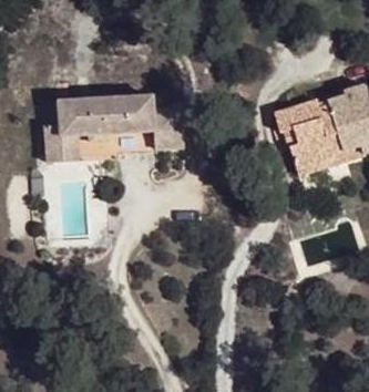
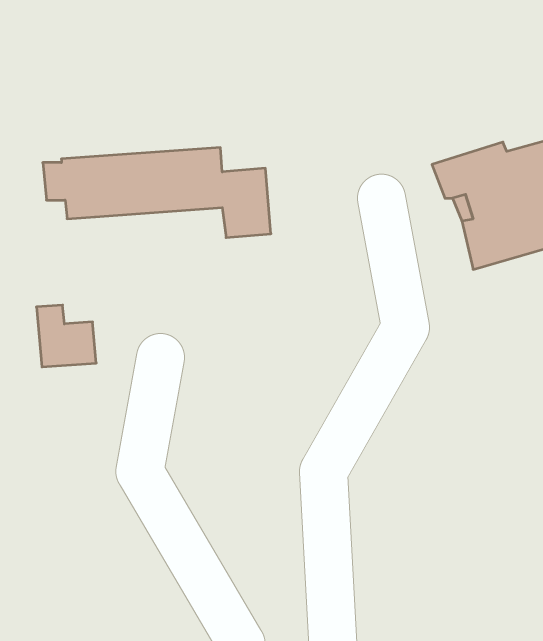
building: [42,128,78,165] -> [36,305,96,367]

